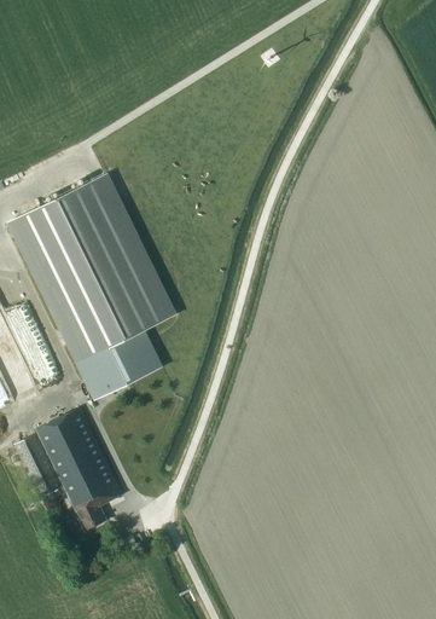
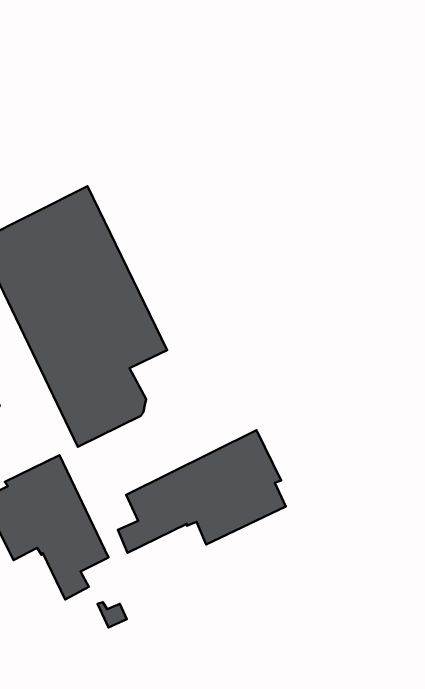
building: none -> [118,430,286,553]

